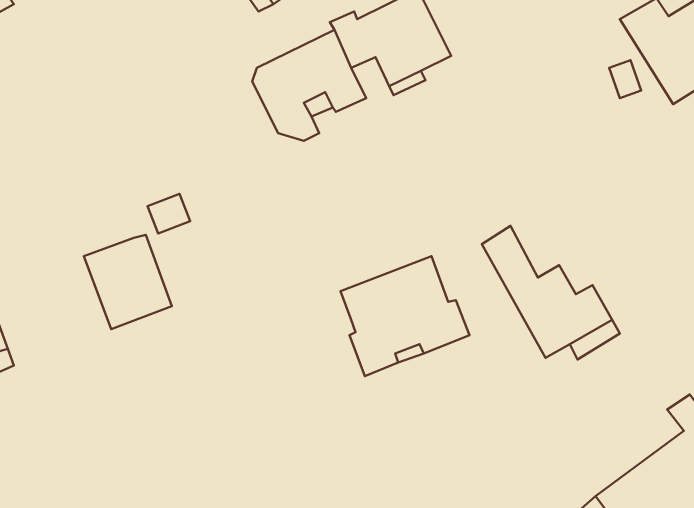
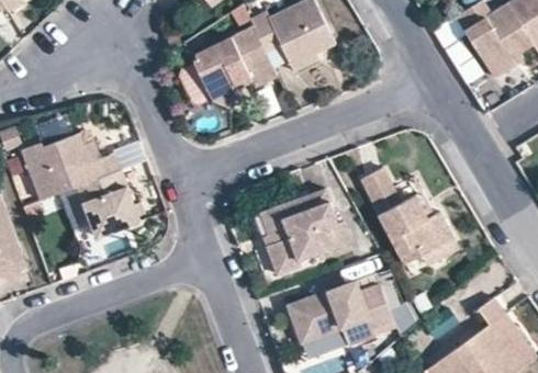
building: none -> [14,131,107,201]
building: none -> [284,281,391,346]

